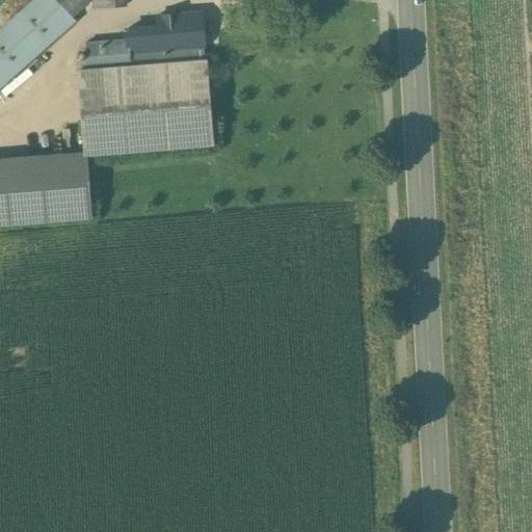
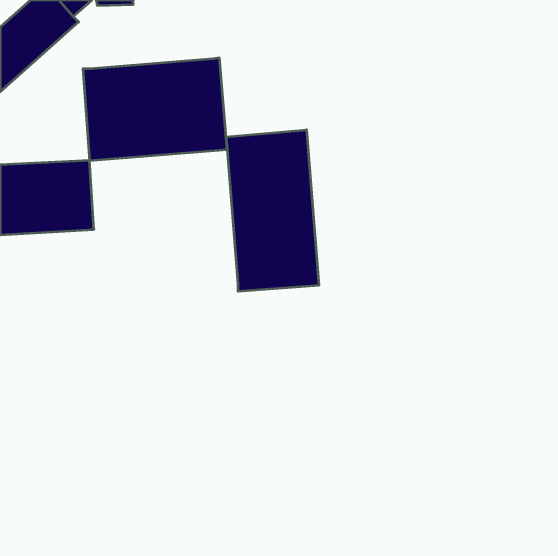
building: [84,12,203,68] -> none
building: none -> [226,130,319,291]

